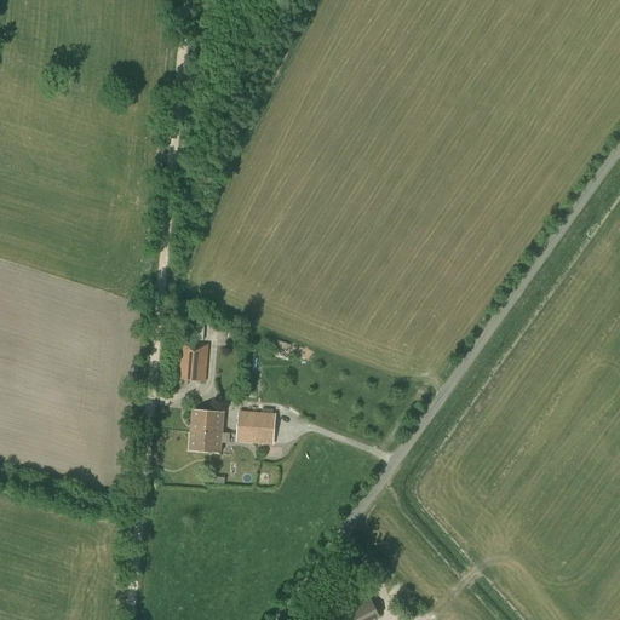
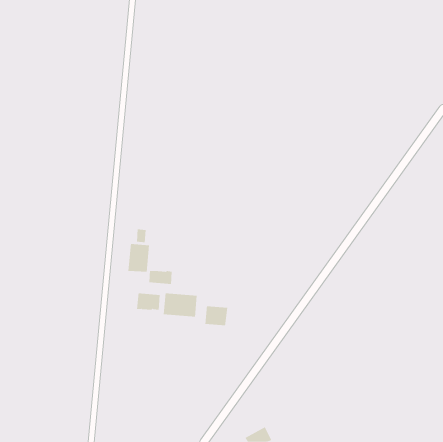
building: none -> [205,305,228,326]
building: [189,432,223,452] -> [148,270,173,284]

